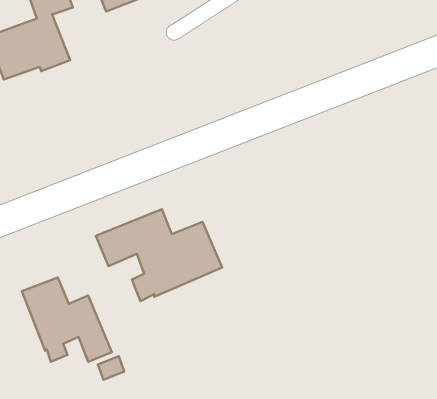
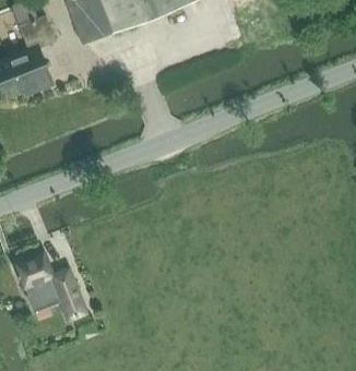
building: [96,209,222,301] -> none

